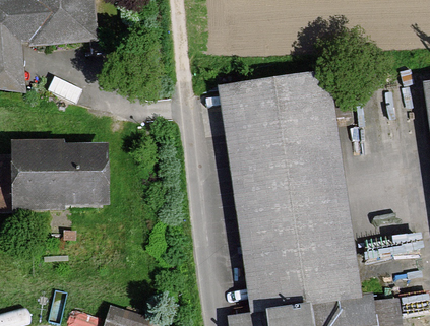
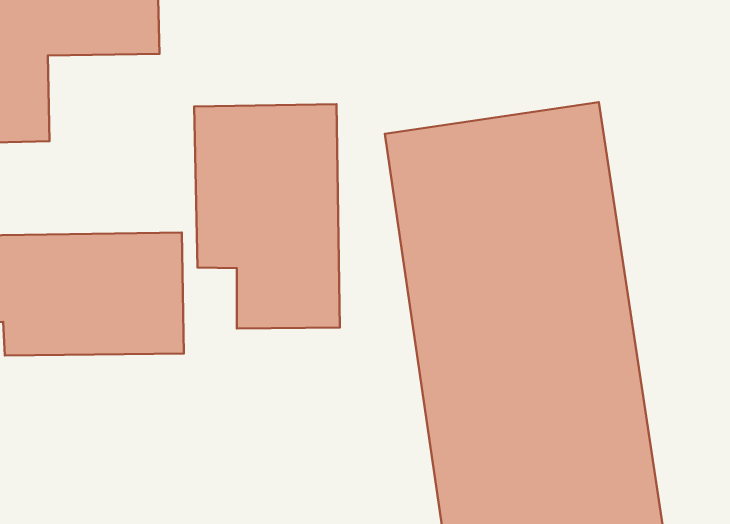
building: none -> [194,104,340,328]

